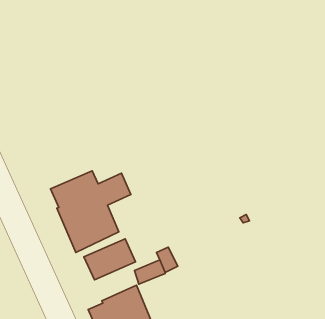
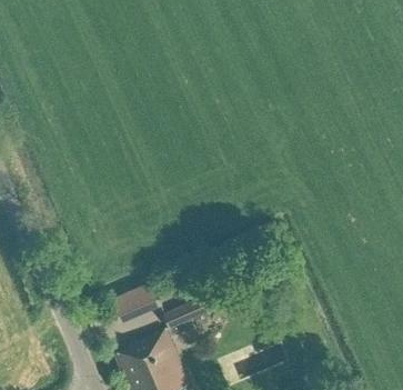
building: [51,171,131,253] -> none

